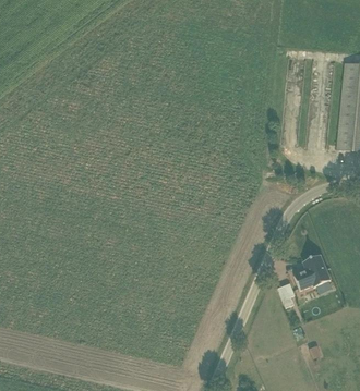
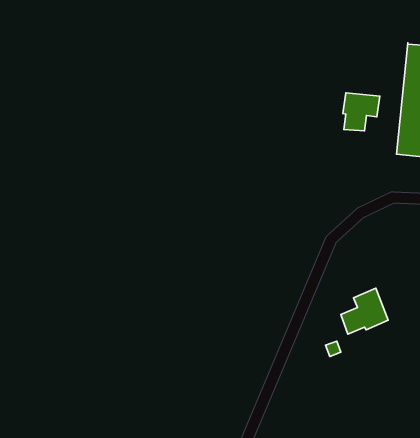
building: none -> [343,93,380,131]

